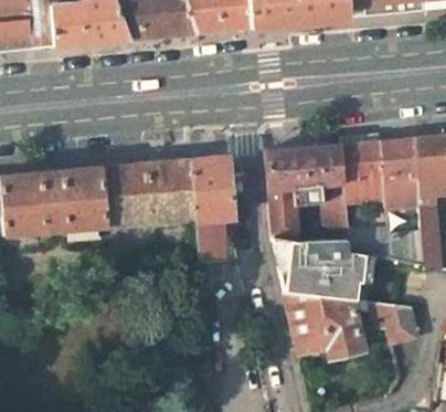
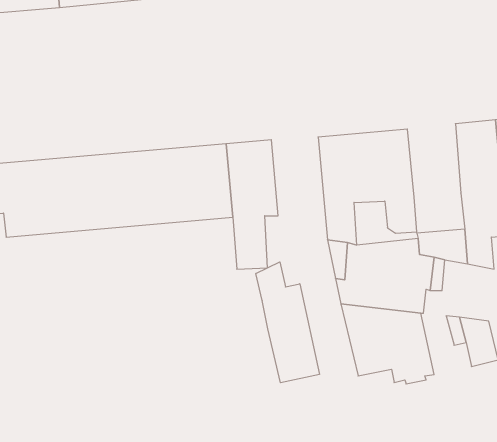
building: [341,142,385,203] -> none
building: none -> [256,262,319,383]

